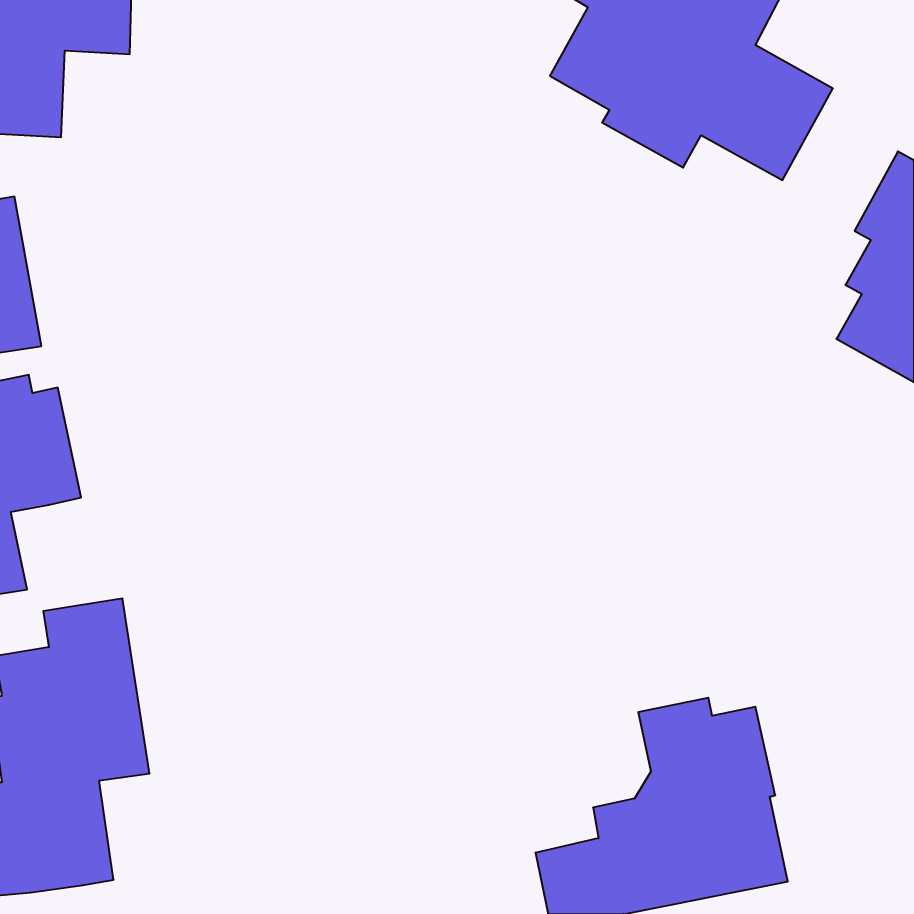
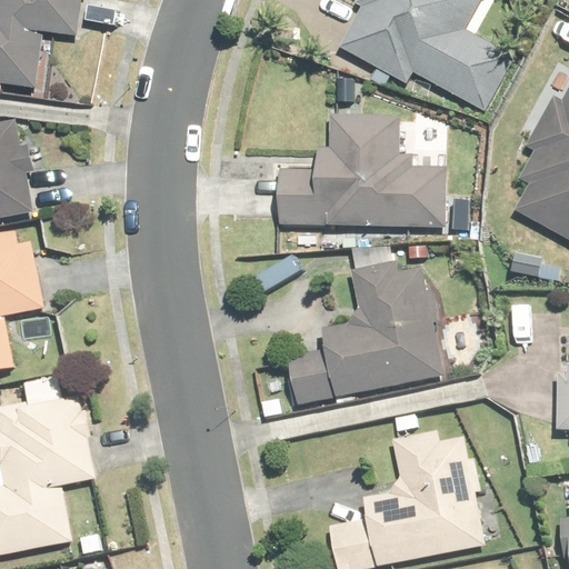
building: none -> [278,113,446,231]
building: none -> [289,263,446,403]

